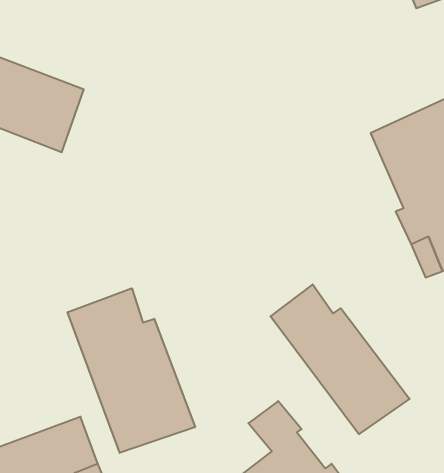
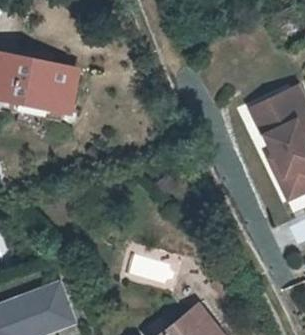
building: [270,284,410,434] -> none
building: [68,288,195,453] -> none

